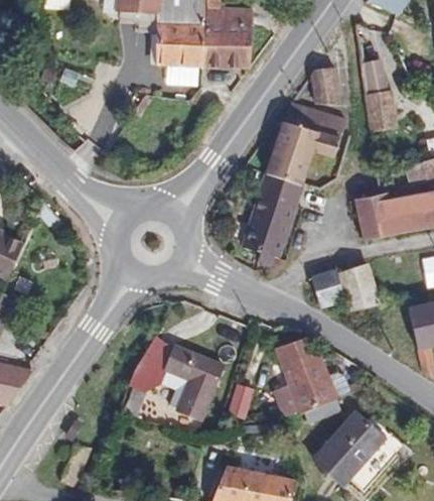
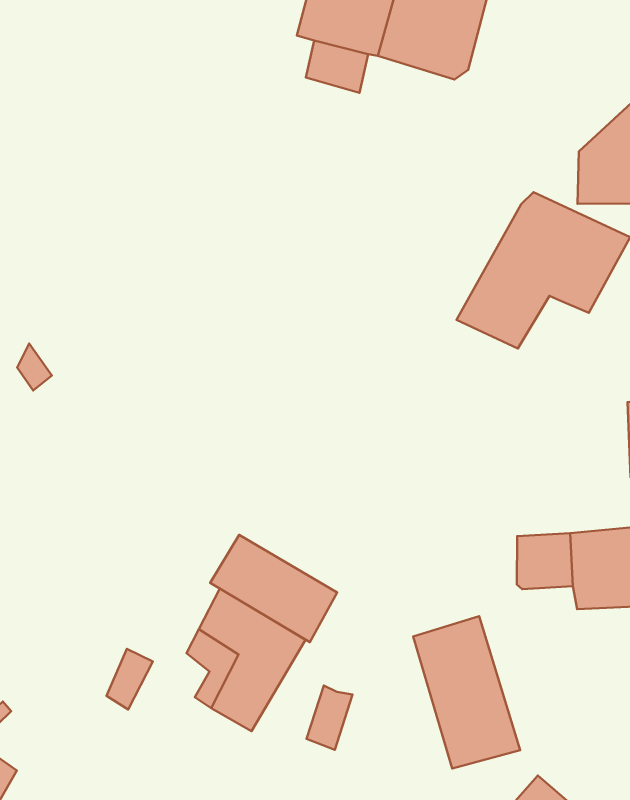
building: [234,182,297,275] -> none
building: none -> [210,535,337,642]

